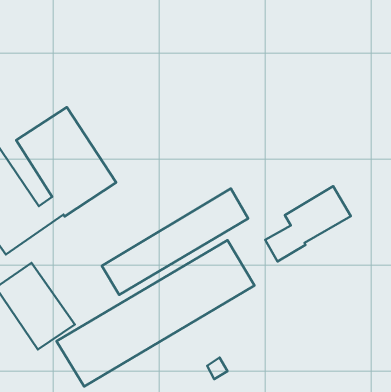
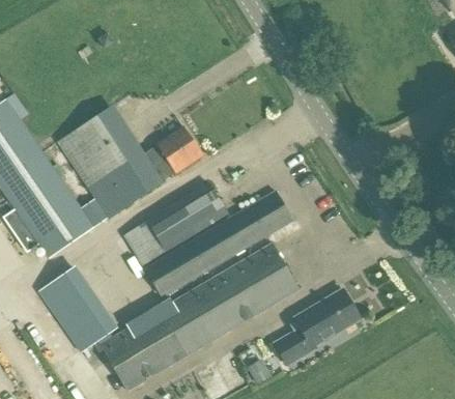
building: none -> [158,127,203,174]
building: none -> [124,182,226,265]
building: [265,186,351,261] -> [276,288,362,364]

